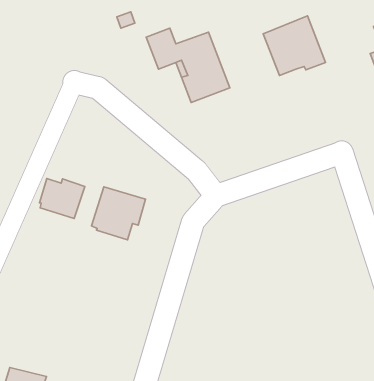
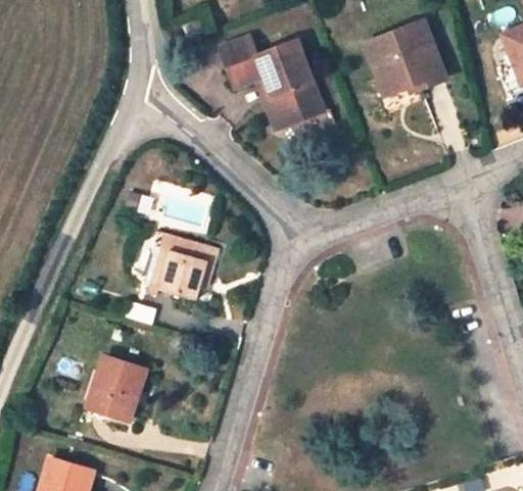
building: [39,179,85,219] -> none
building: none -> [87,357,146,422]

